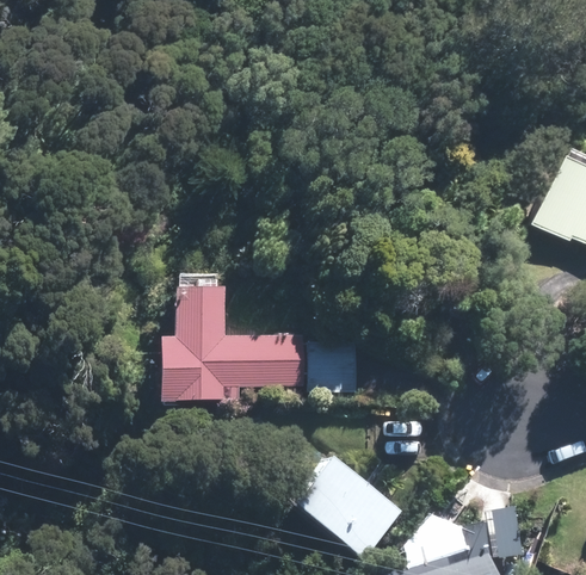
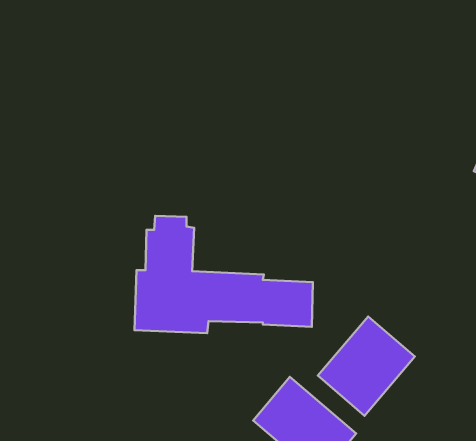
building: none -> [318,316,415,416]

